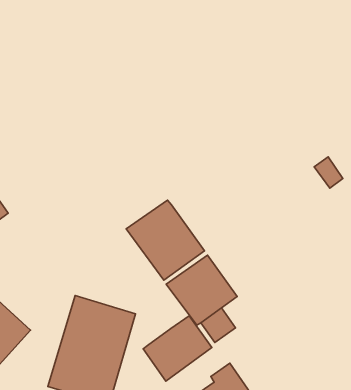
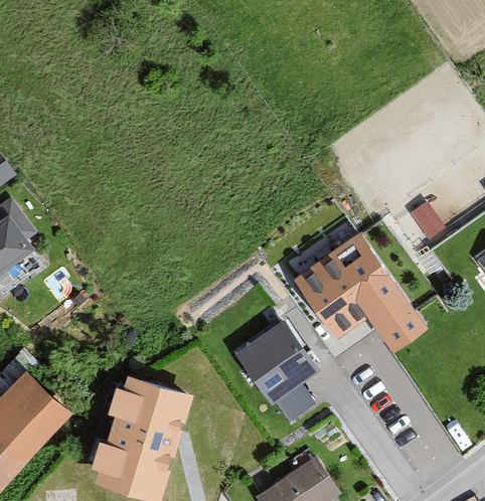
building: none -> [293,231,427,349]
building: [126,200,204,280] -> none
building: [143,316,212,381] -> none

